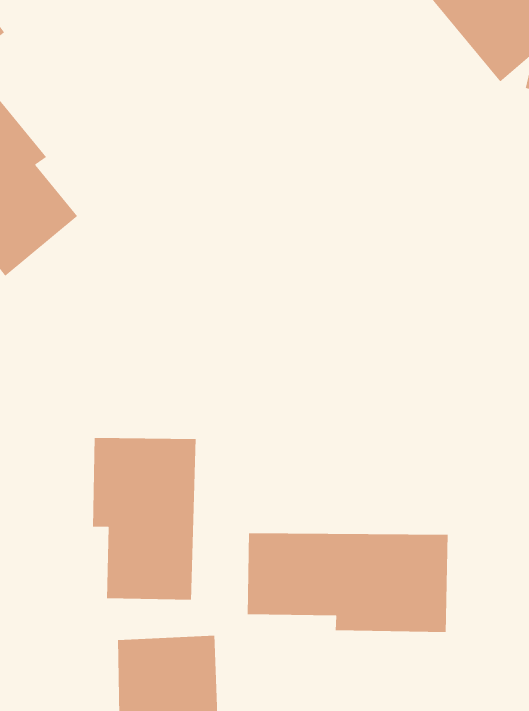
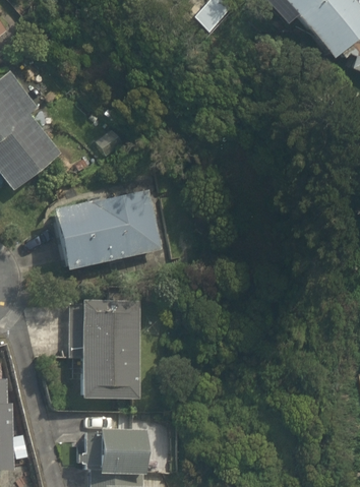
building: none -> [54,188,160,275]
building: [247,533,449,633] -> none

